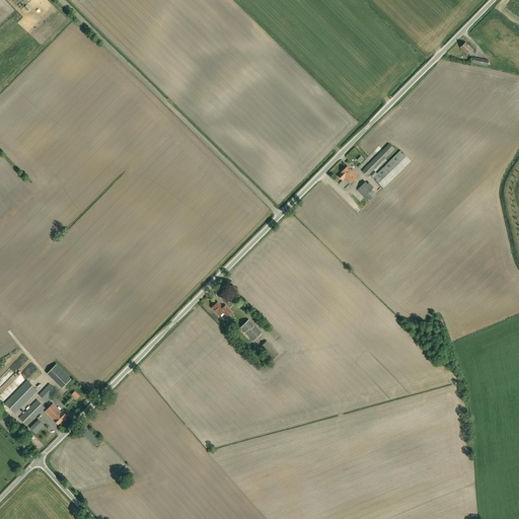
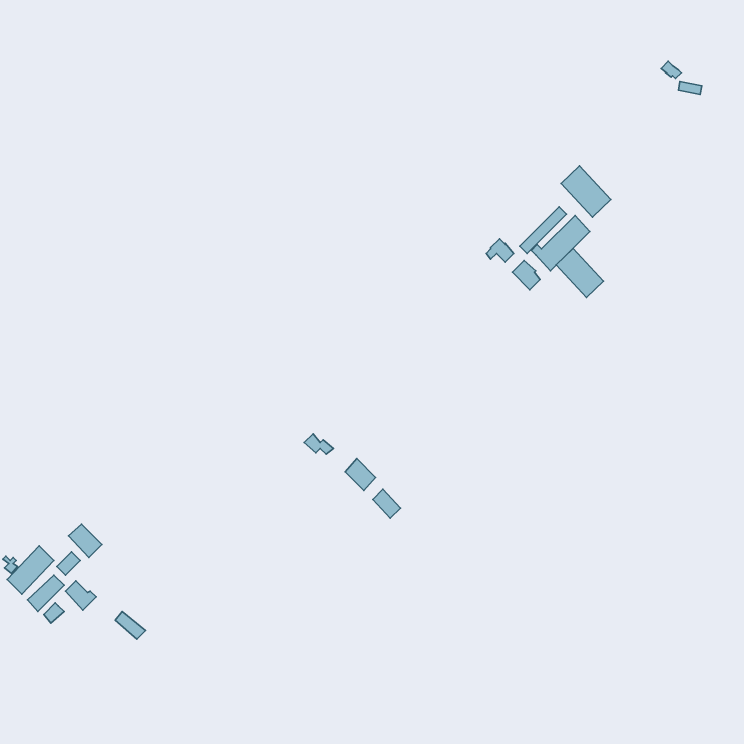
building: none -> [561,166,611,217]
building: none -> [556,248,604,298]

